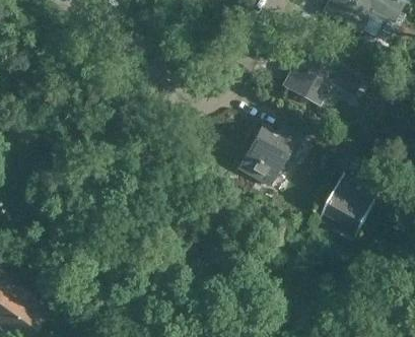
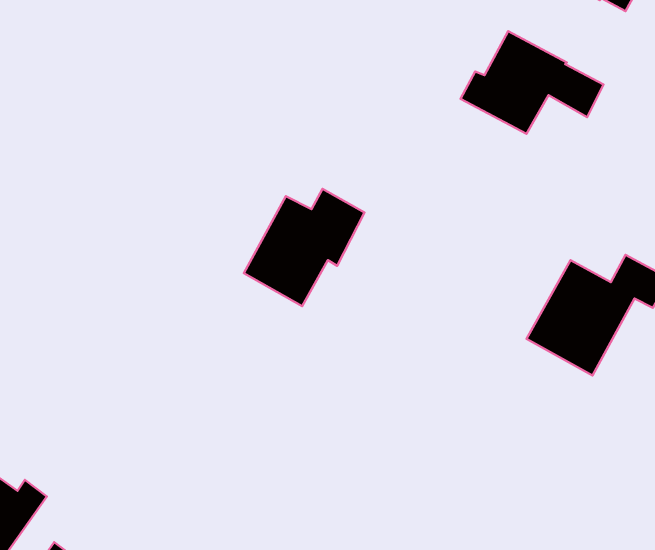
building: [238,121,305,186] -> [244,189,365,306]

